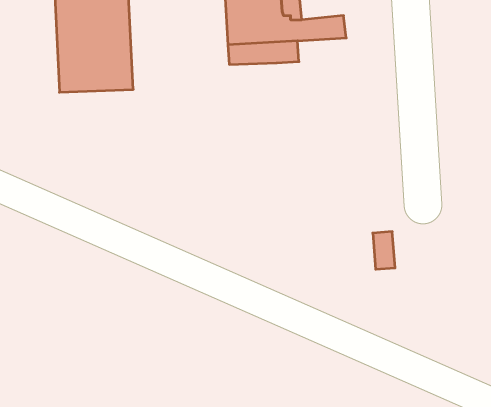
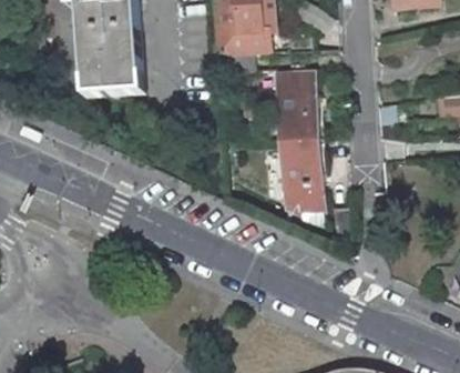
building: none -> [275,72,321,208]

